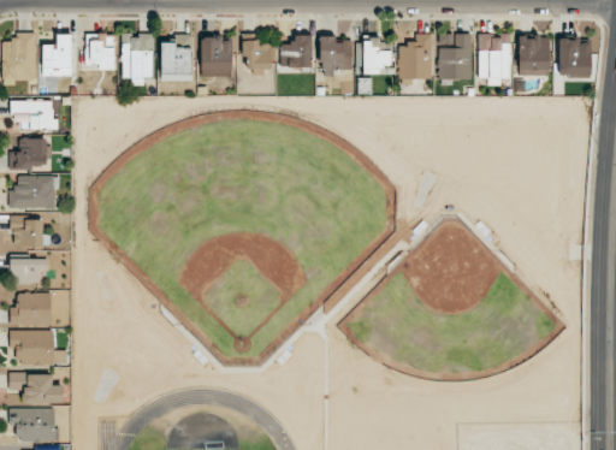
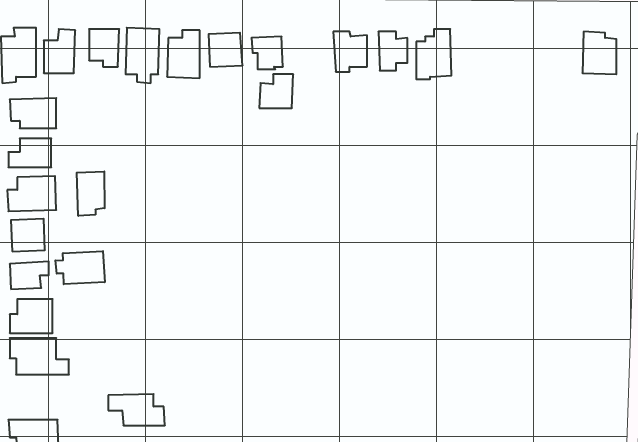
building: [479,32,511,84] -> none
building: [438,34,473,79] -> none
building: [280,35,313,67] -> [259,74,293,108]
building: [519,36,550,76] -> none
building: none -> [77,171,105,216]
building: none -> [55,251,105,284]
building: [10,373,64,403] -> [108,394,165,425]

